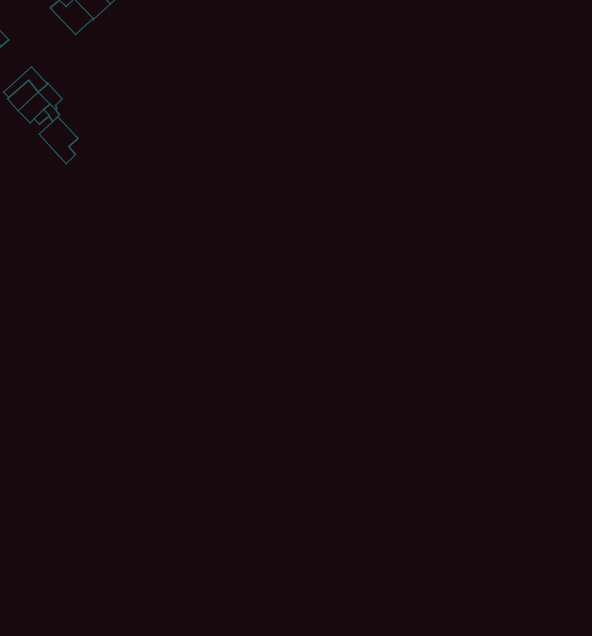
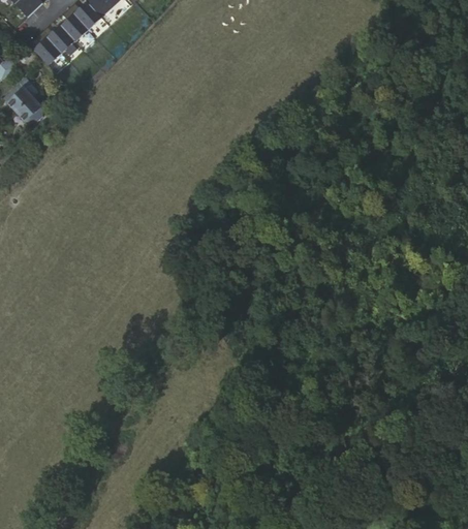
building: none -> [32,33,59,65]
building: [39,117,78,164] -> none

